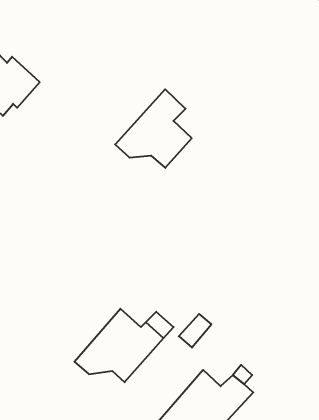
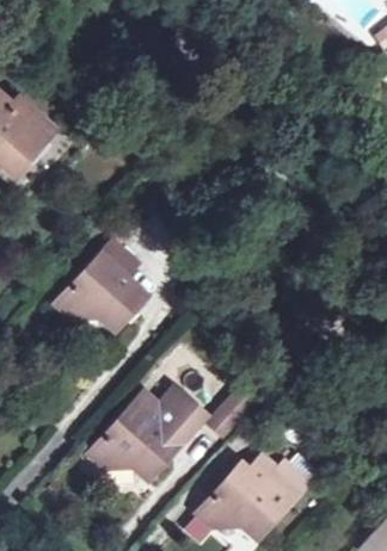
building: [115,89,192,168] -> [56,240,146,332]

